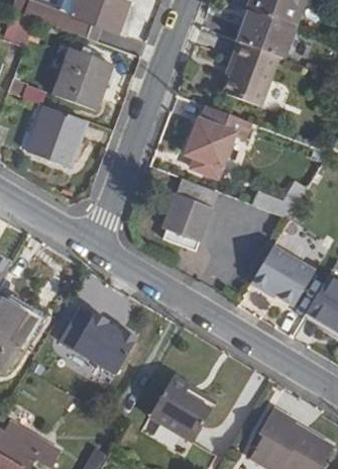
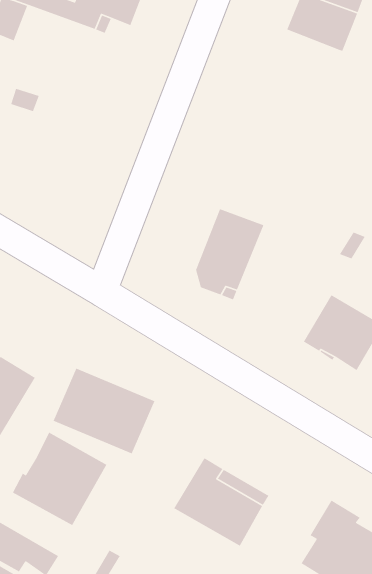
building: [210,36,275,108] -> none
building: [55,48,113,109] -> none
building: [188,104,241,167] -> none
building: [30,105,87,166] -> none
building: none -> [12,431,107,526]

